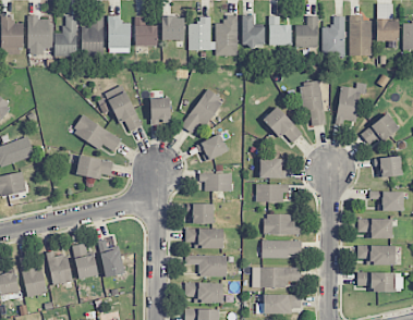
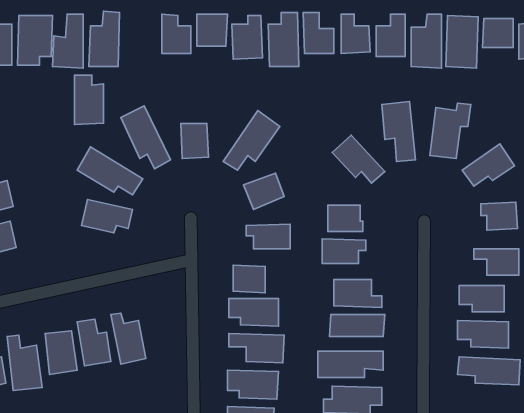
building: [108,16,130,53] -> [74,75,104,125]

